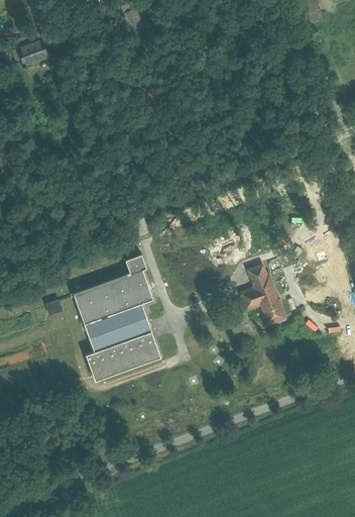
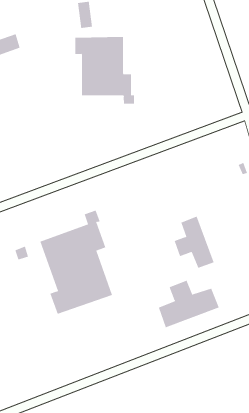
building: none -> [75,36,134,105]
building: none -> [158,280,219,328]

